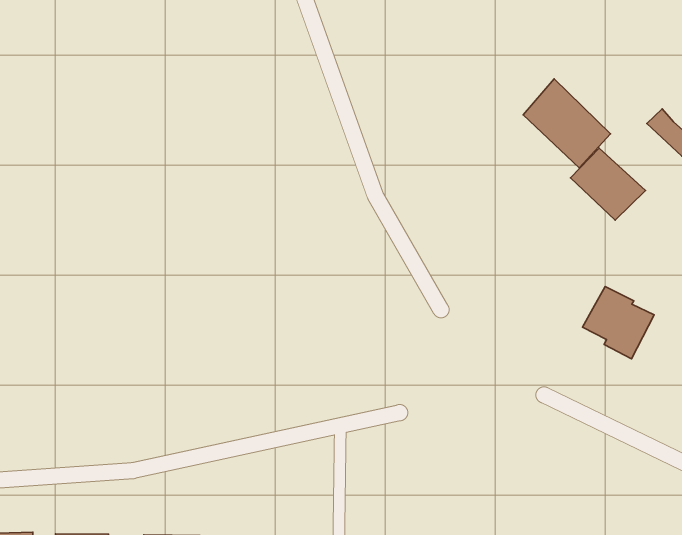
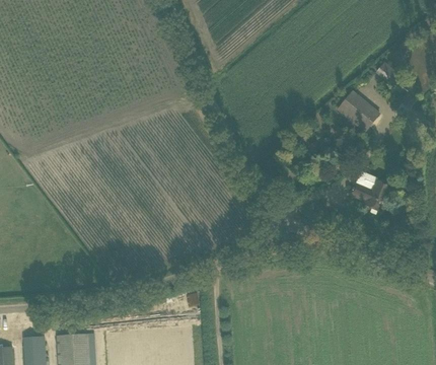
building: [523,79,610,168] -> none

